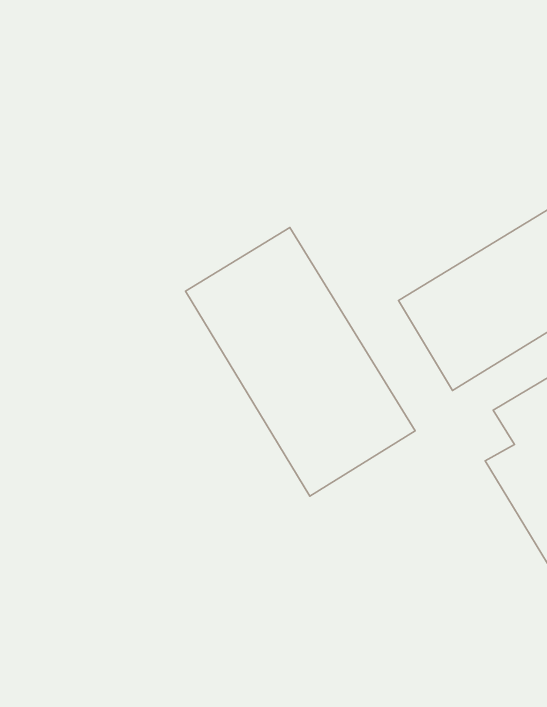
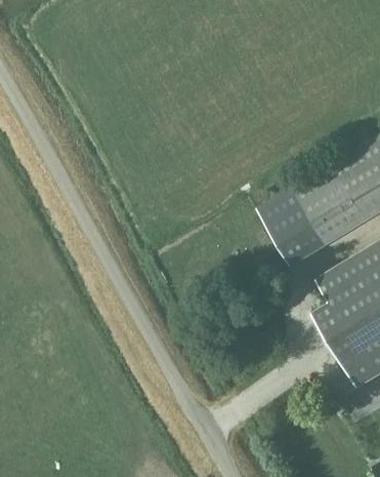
building: [185,227,415,496] -> none

